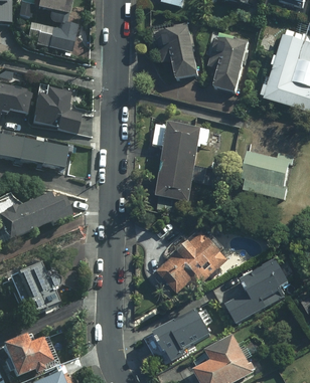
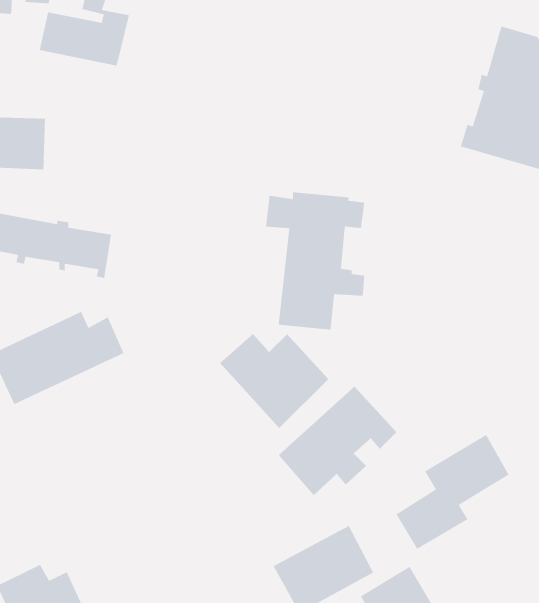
building: [154,21,197,77] -> none
building: [207,34,246,90] -> none
building: [30,85,79,133] -> none
building: [241,152,292,198] -> none
building: none -> [219,333,329,429]
building: [12,263,57,311] -> none

